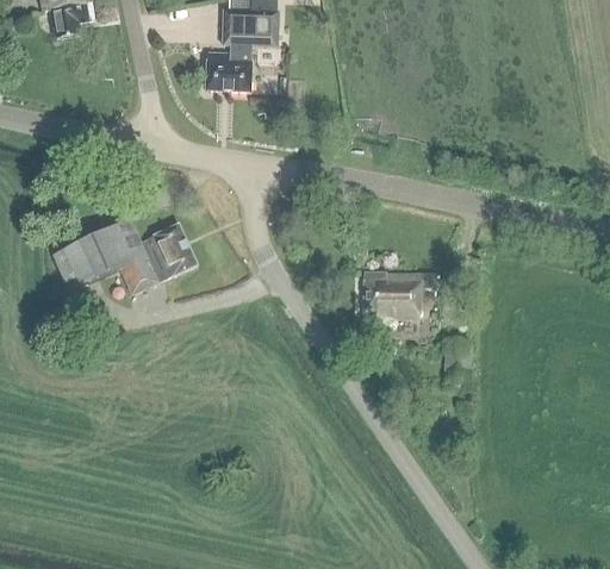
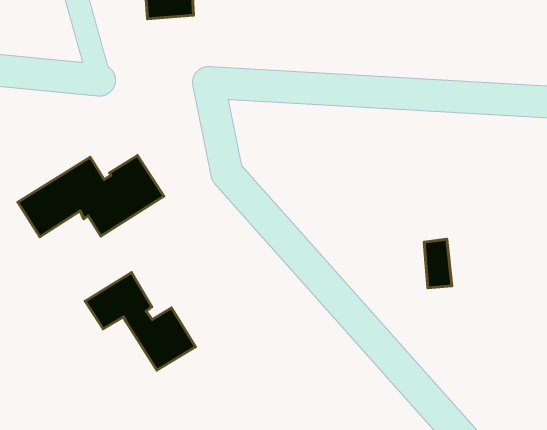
building: [362,269,438,315] -> none
building: none -> [85,272,195,370]

